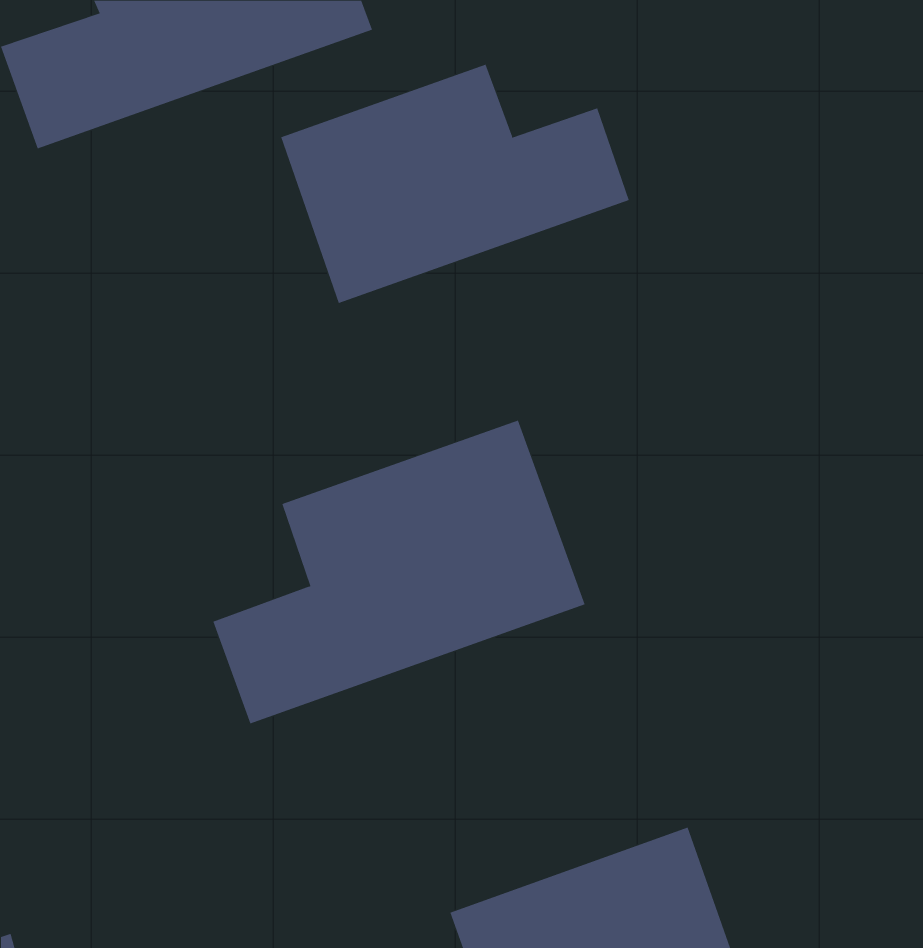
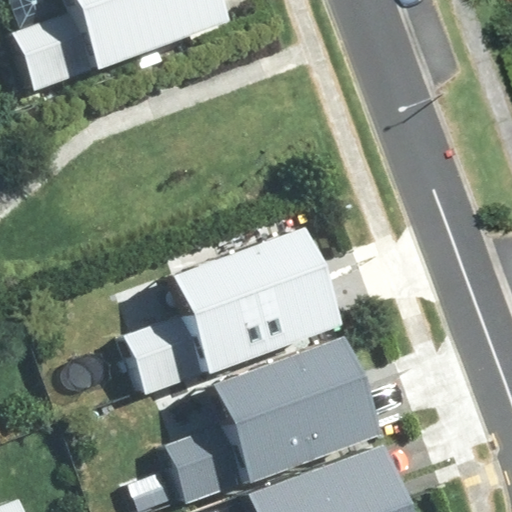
building: [280,64,630,304] -> none
building: none -> [177,336,377,499]

